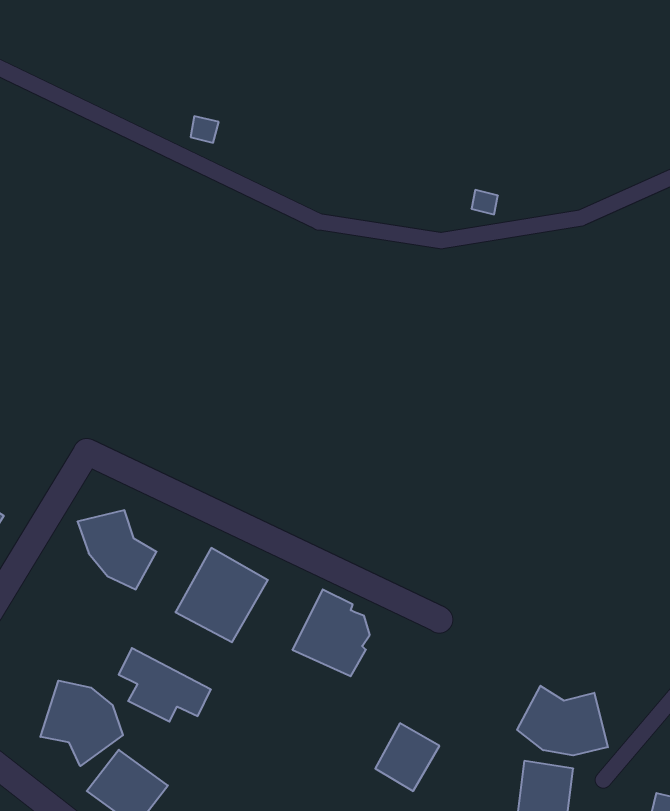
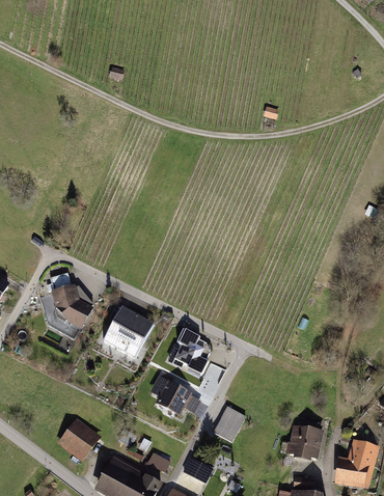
building: [119,648,211,722] -> [150,377,201,417]
building: [40,681,123,766] -> none
building: [517,686,608,755] -> none

